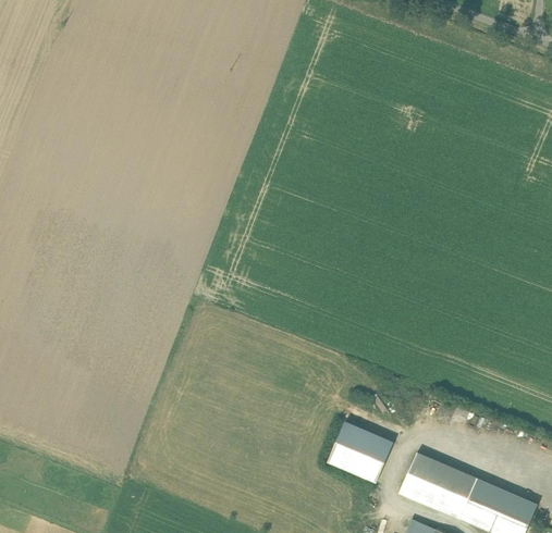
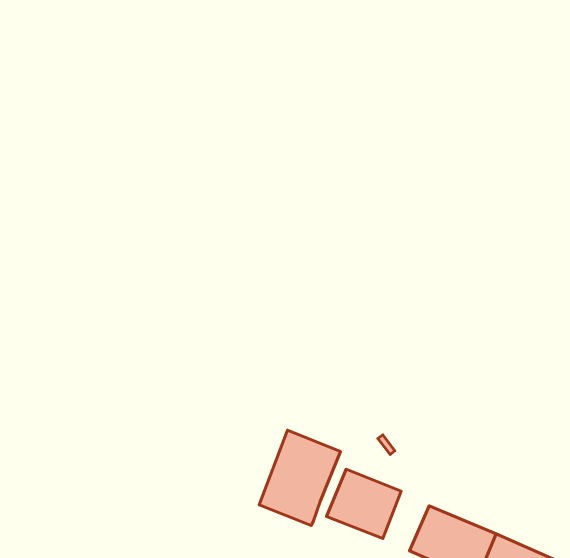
building: none -> [259,430,340,525]

